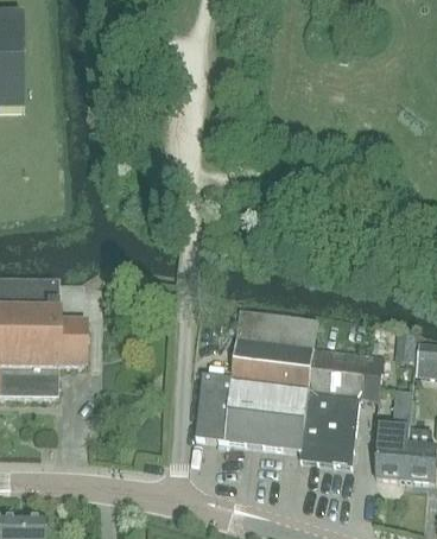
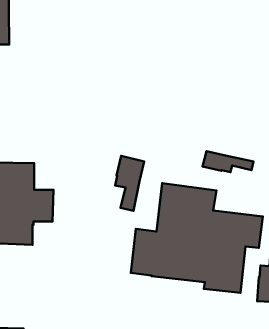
building: none -> [203,151,253,172]
building: none -> [115,156,144,211]

